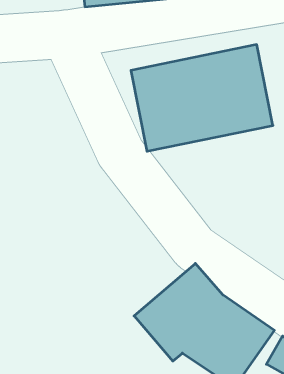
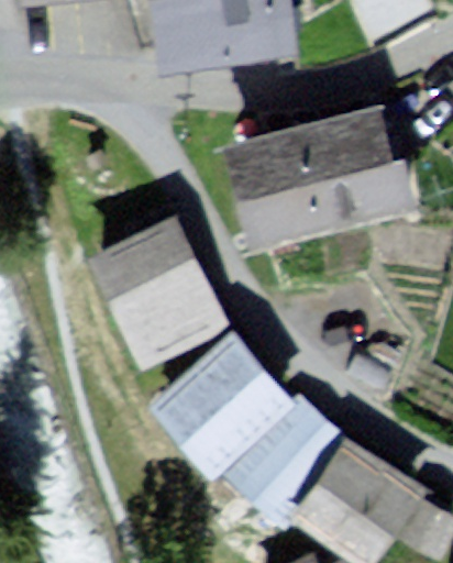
building: none -> [89,219,228,369]
building: none -> [144,333,295,481]

